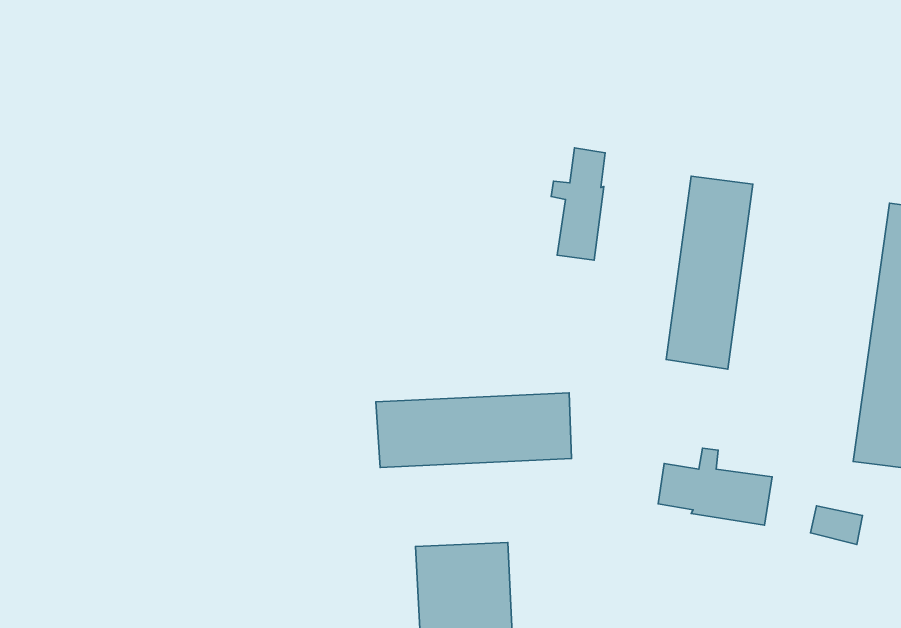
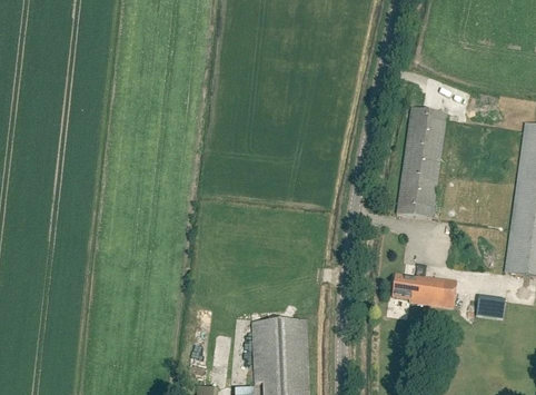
building: [551,148,605,260] -> none
building: [376,393,572,468] -> none

